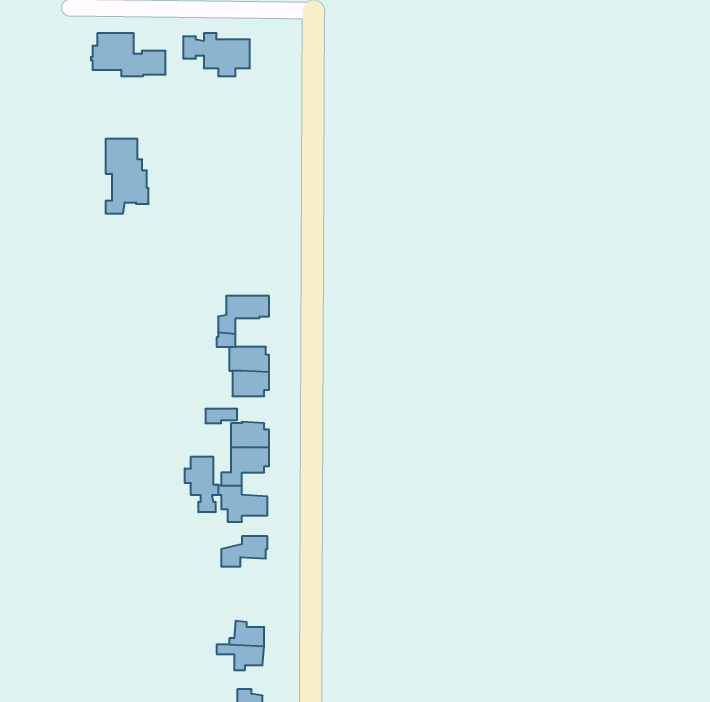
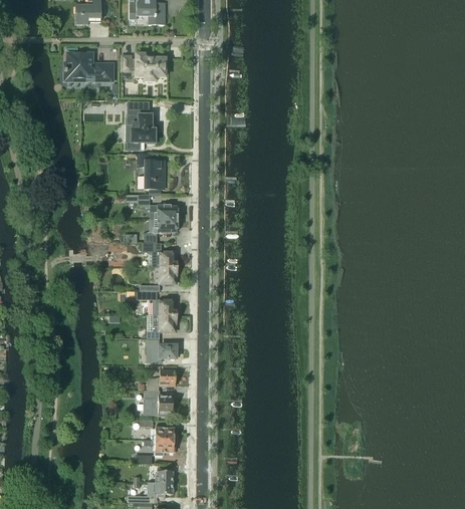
building: [106,139,149,214] -> [127,102,154,150]
building: none -> [137,155,163,190]
building: none -> [137,195,177,220]
building: [185,457,218,512] -> none
building: none -> [145,391,175,415]

